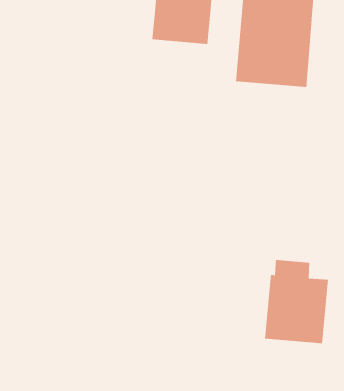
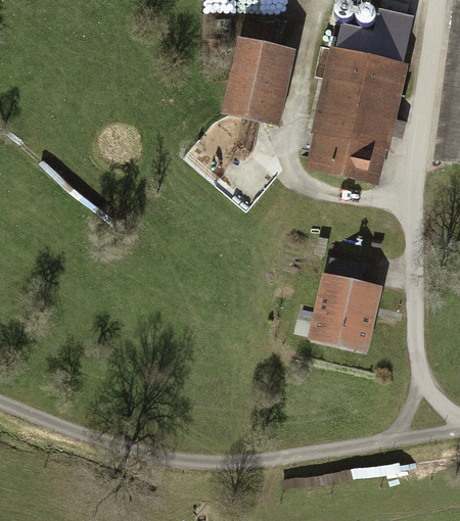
building: [264,259,329,344] -> [306,256,382,352]

